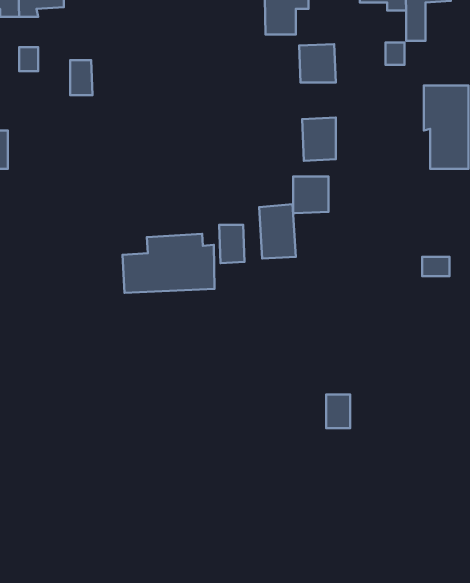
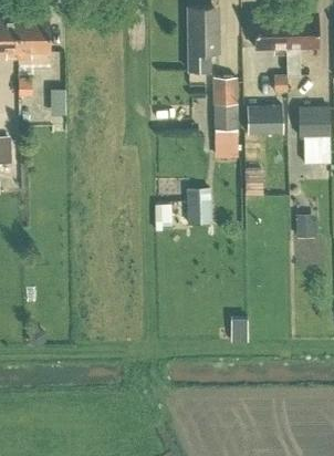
building: none -> [247,105,283,135]
building: [293,176,328,213] -> [213,104,238,129]
building: [123,234,215,293] -> none

